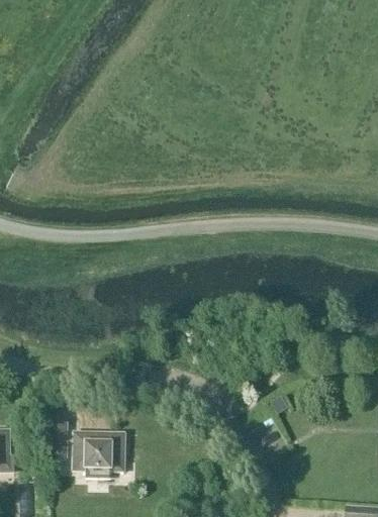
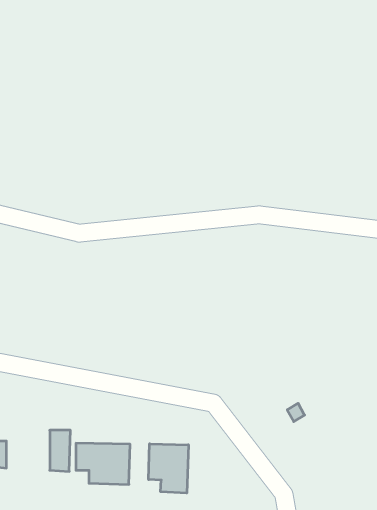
building: none -> [149,444,188,493]

